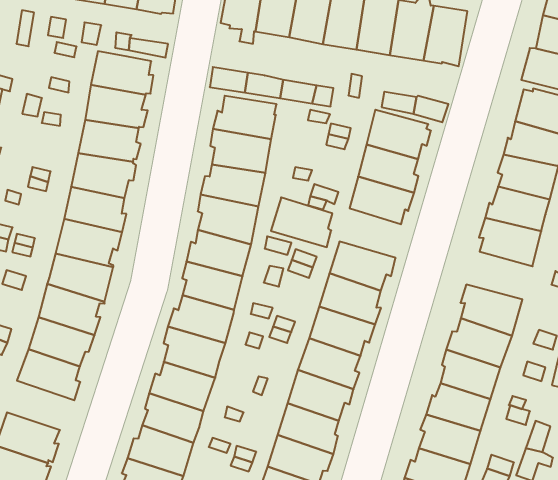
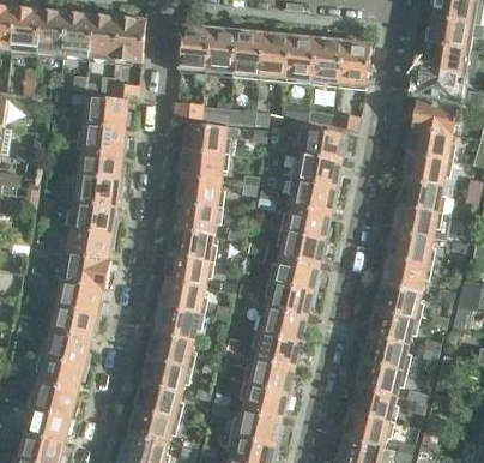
building: [271,197,332,247] -> [283,203,329,239]
building: none -> [383,229,434,264]
building: none -> [35,355,86,391]

